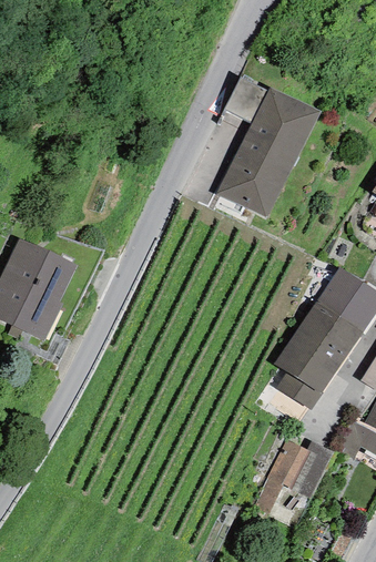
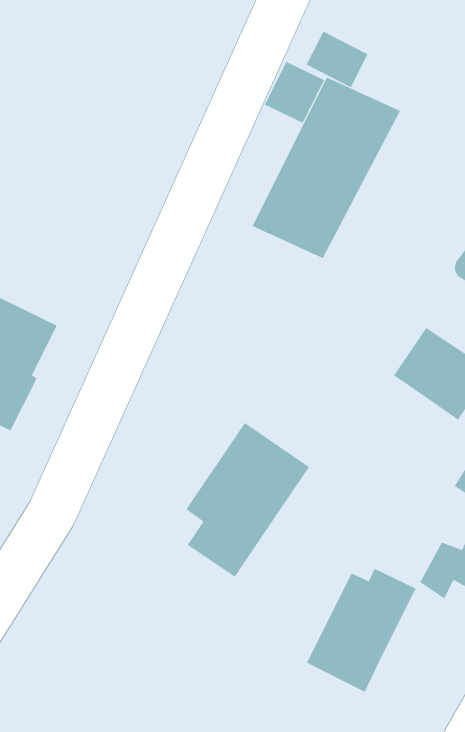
building: none -> [306,31,368,88]
building: [274,300,363,411] -> [185,422,310,578]

